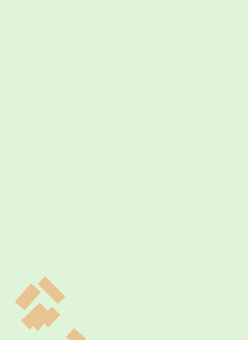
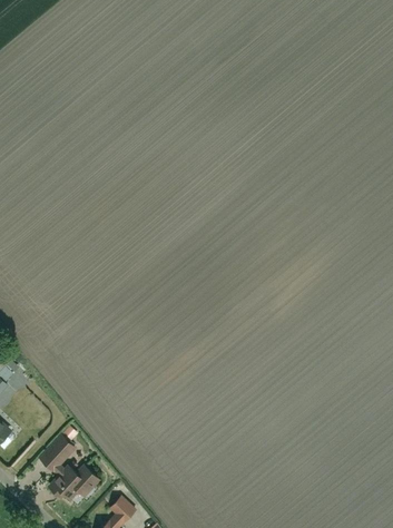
building: [37,276,66,305] -> none

